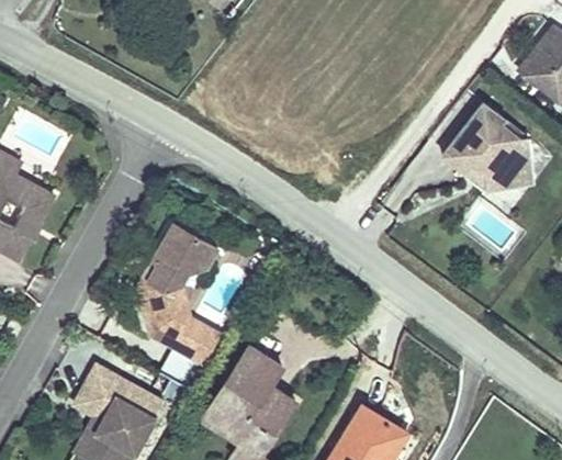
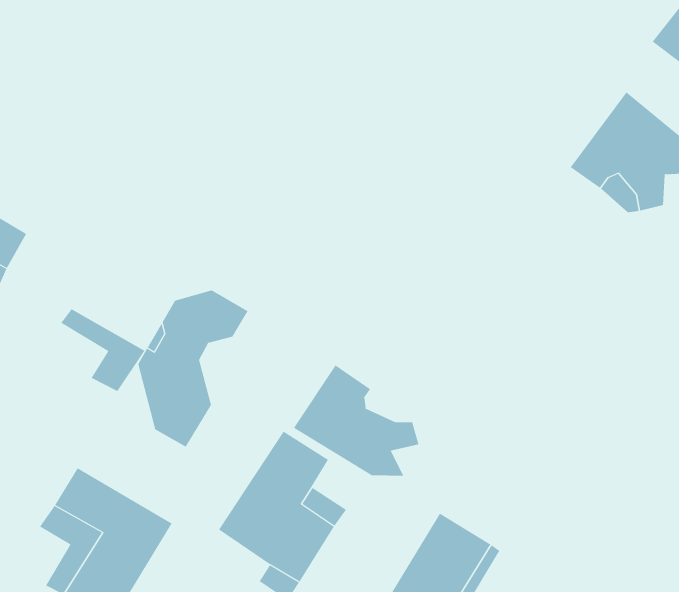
building: none -> [60,309,145,392]
building: none -> [293,364,419,476]
building: [177,324,225,372] -> none

